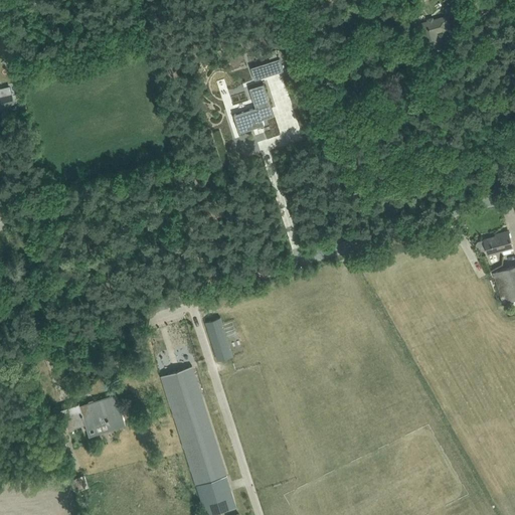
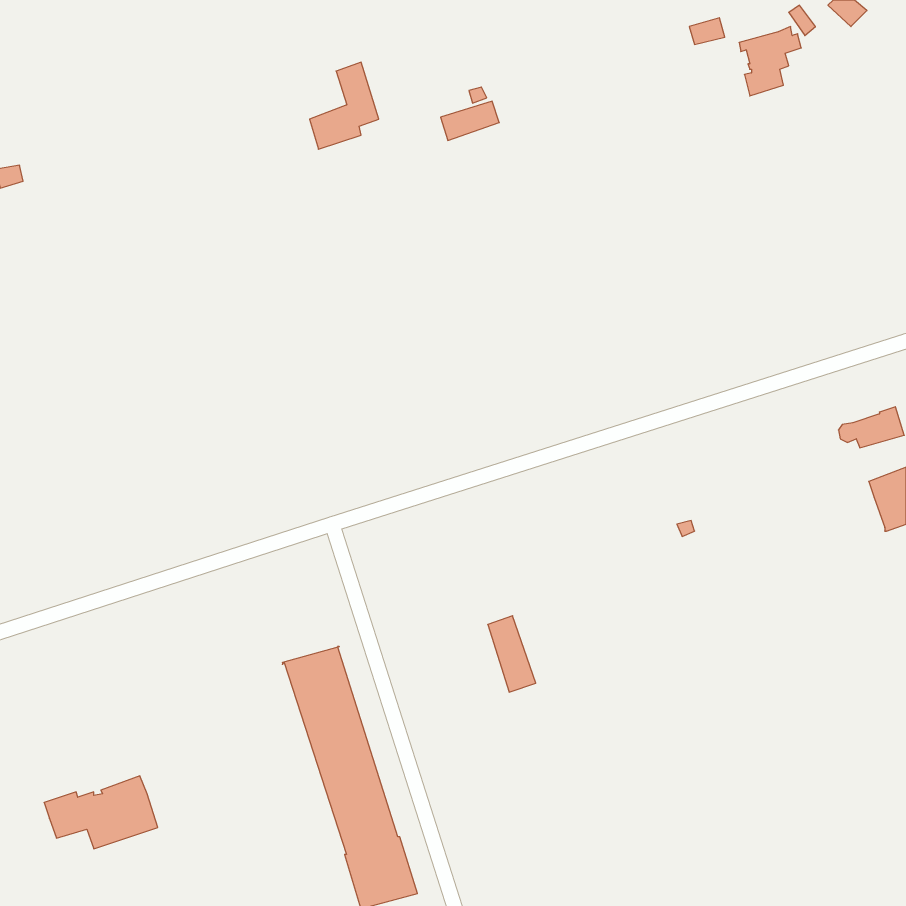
building: [233,83,273,133] -> [310,62,379,149]
building: [205,318,232,361] -> [488,616,536,692]
building: [60,394,125,436] -> [44,776,158,849]

